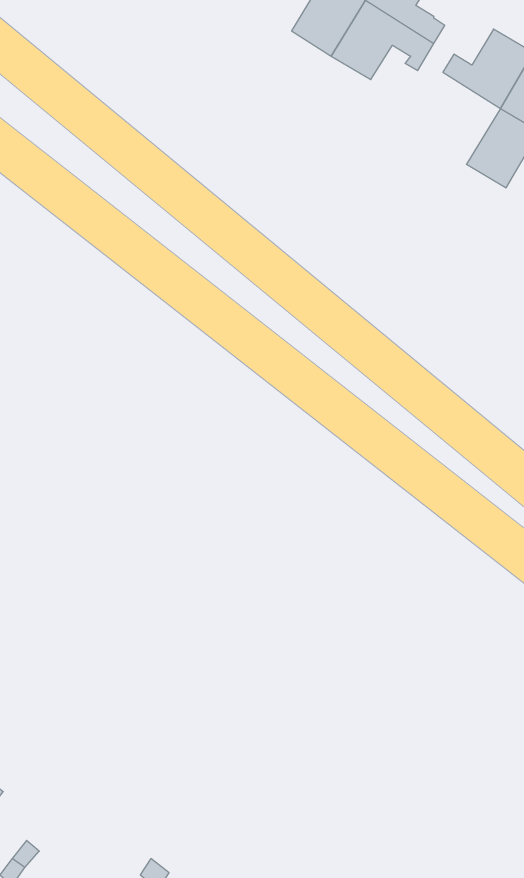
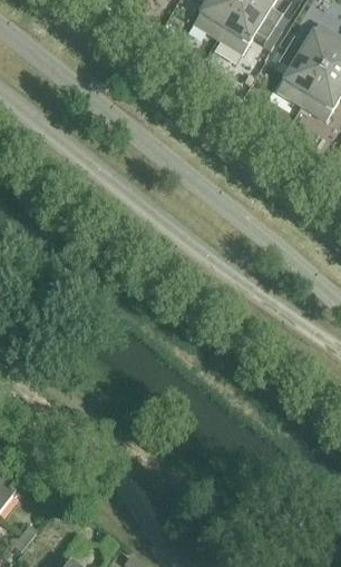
building: none -> [275,48,322,105]

